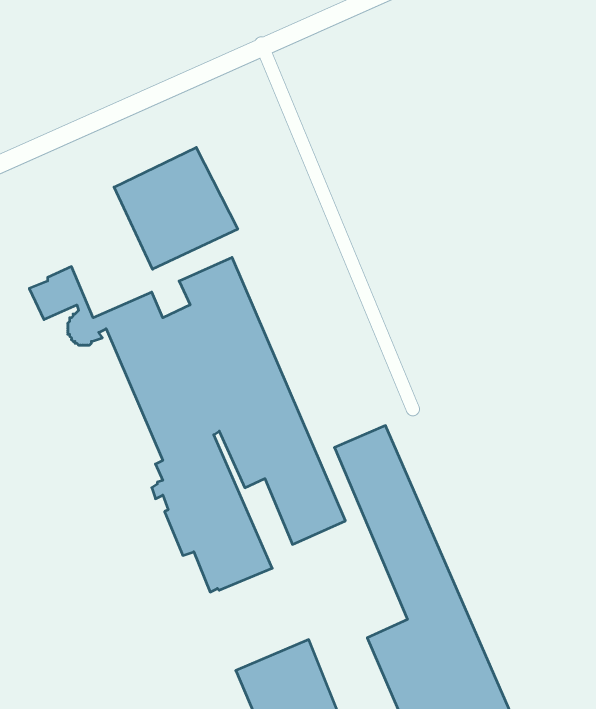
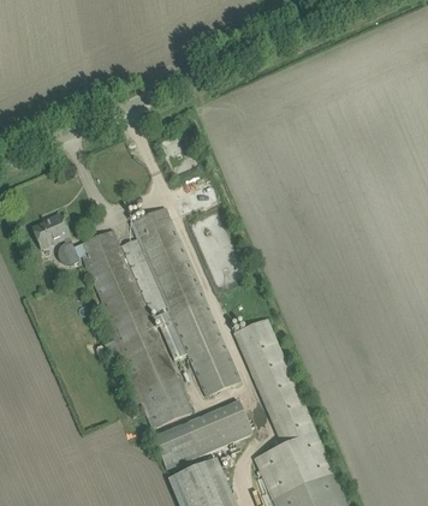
building: [114,147,238,269] -> none
building: none -> [153,401,252,469]

